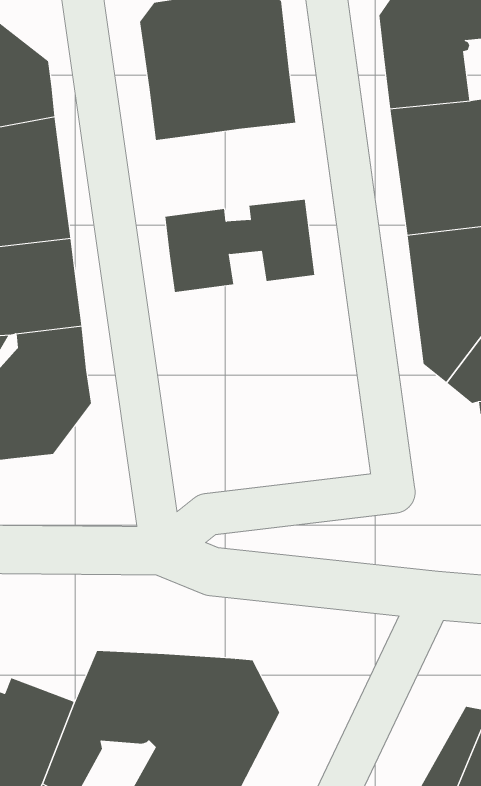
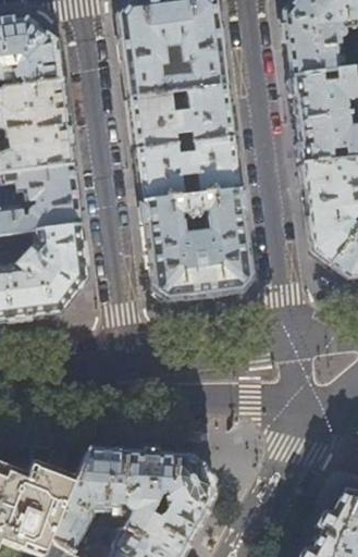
building: none -> [129,85,233,149]
building: none -> [143,189,251,299]

